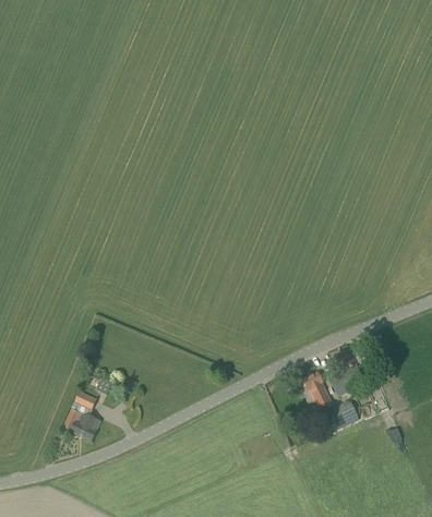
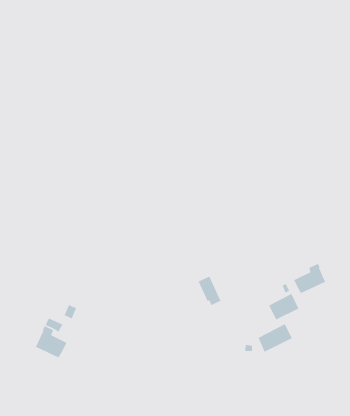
building: none -> [293,263,326,294]
building: [303,373,331,408] -> [198,276,221,306]

